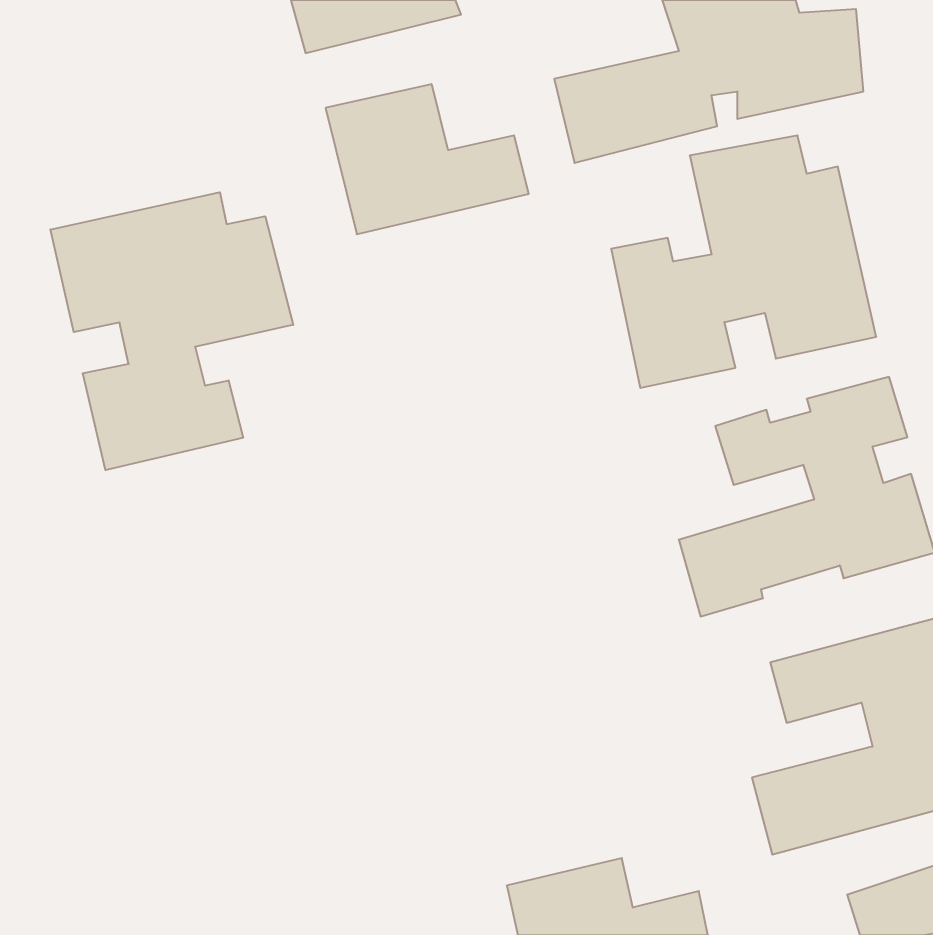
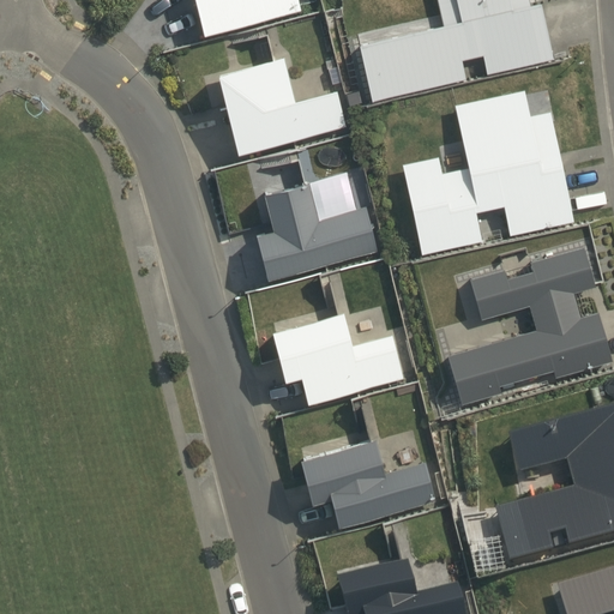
building: [50,192,293,470] -> none
building: none -> [255,180,380,278]
building: none -> [269,312,405,403]
building: none -> [297,438,437,525]

